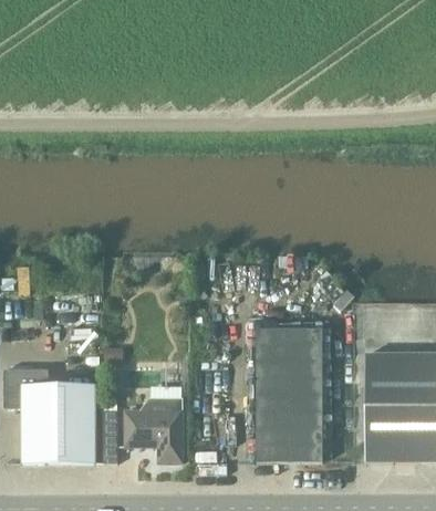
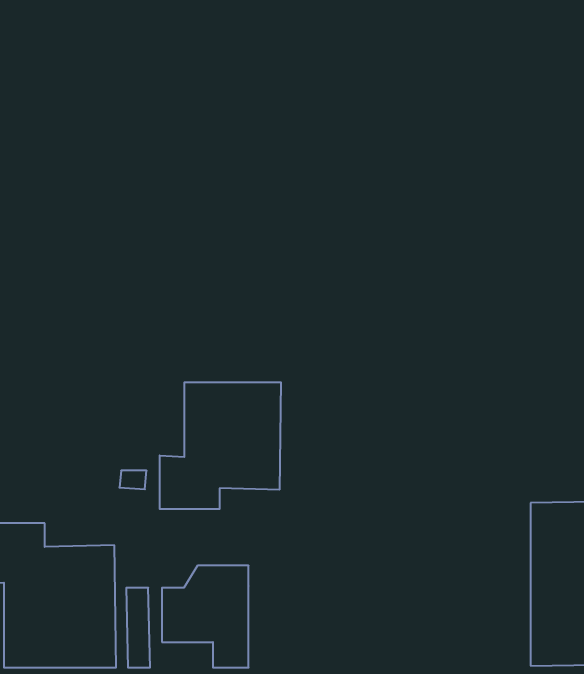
building: none -> [160,382,281,509]
building: [255,328,322,461] -> none

